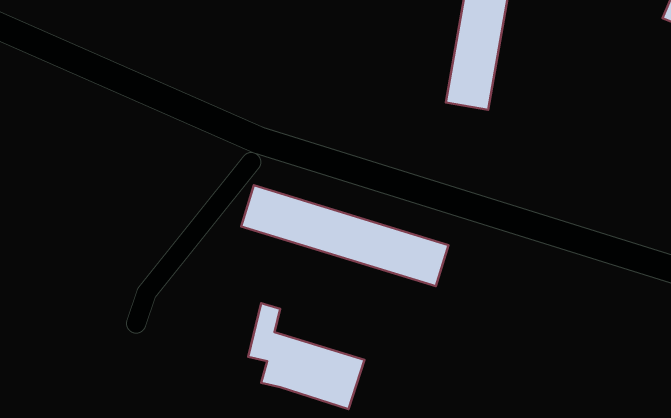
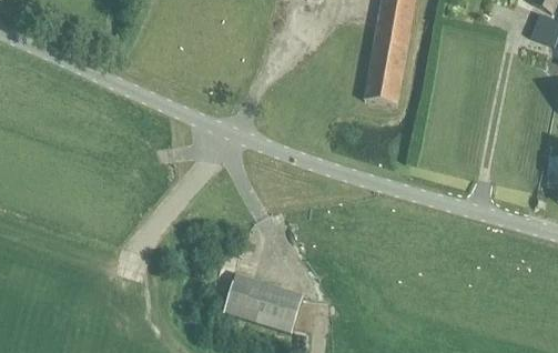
building: [241,185,449,286] -> none

